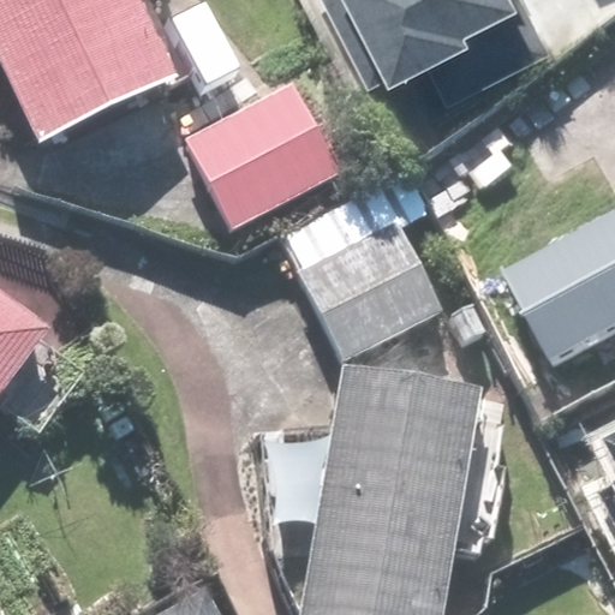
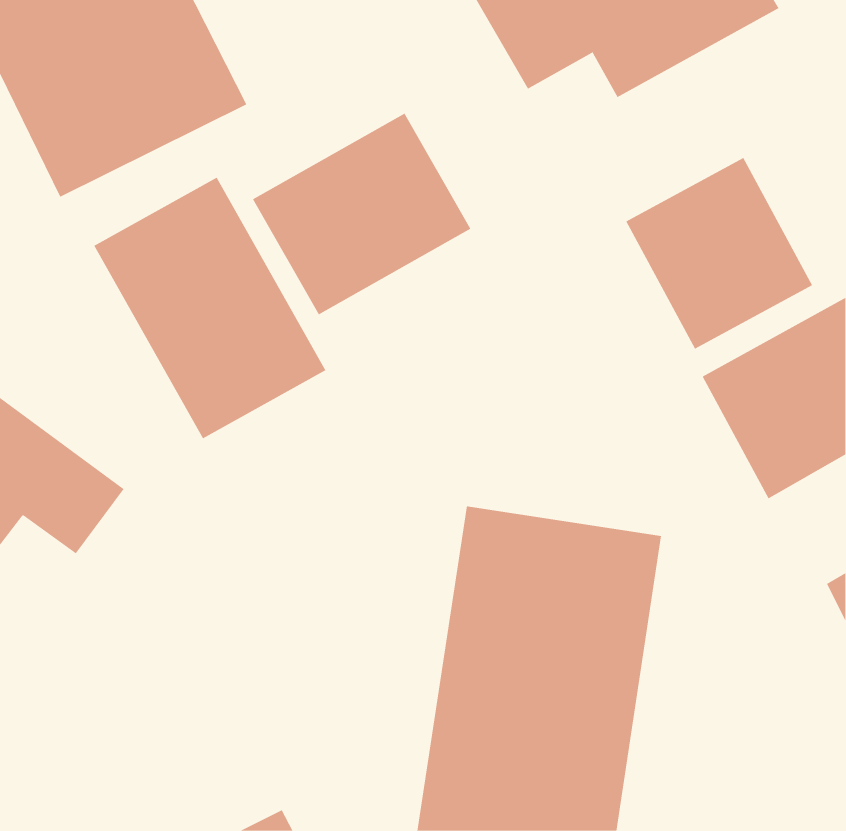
building: none -> [626,157,813,350]
building: none -> [93,177,326,439]
building: [299,168,442,363] -> none

